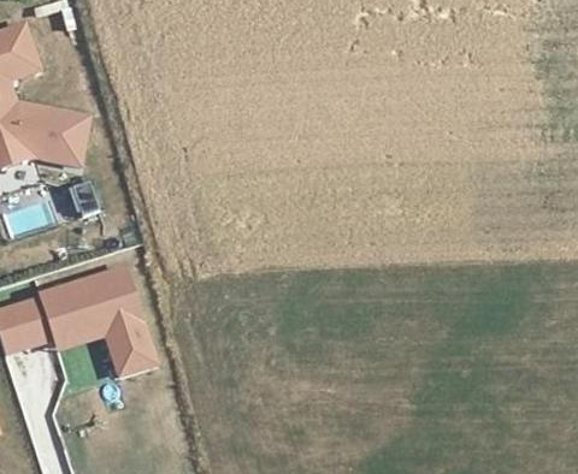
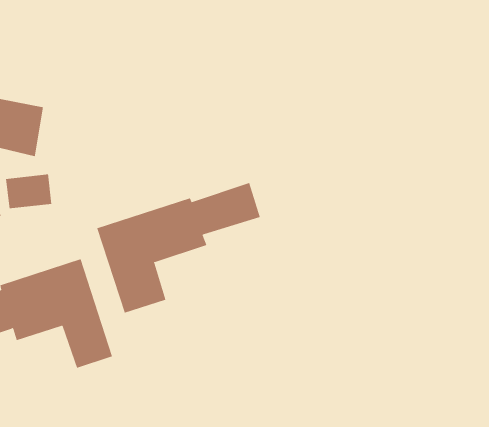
building: none -> [96,182,260,313]

